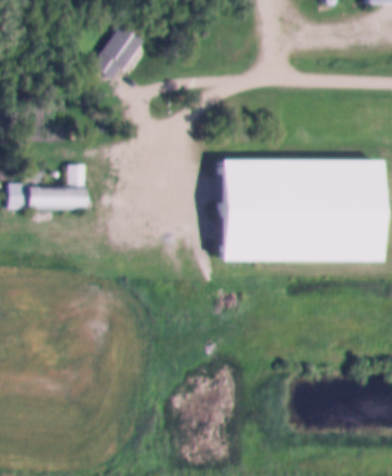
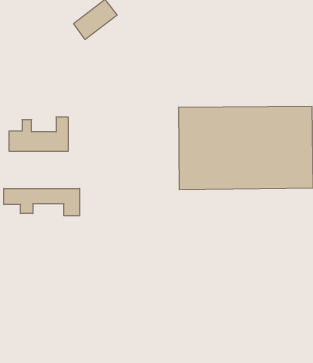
building: none -> [4,188,80,216]

